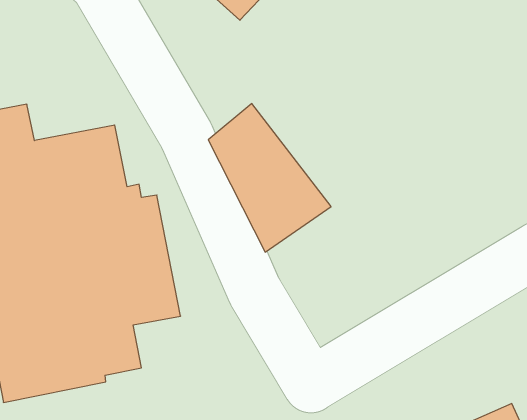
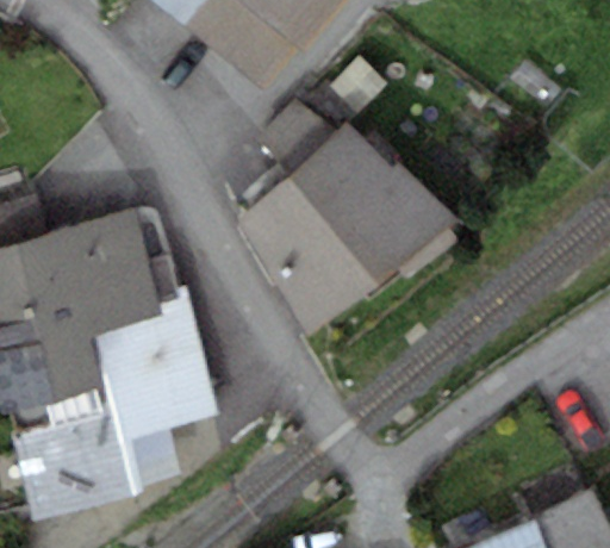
building: none -> [256,98,458,284]

